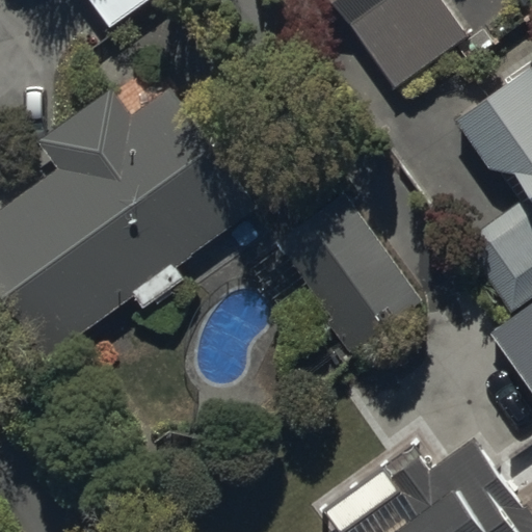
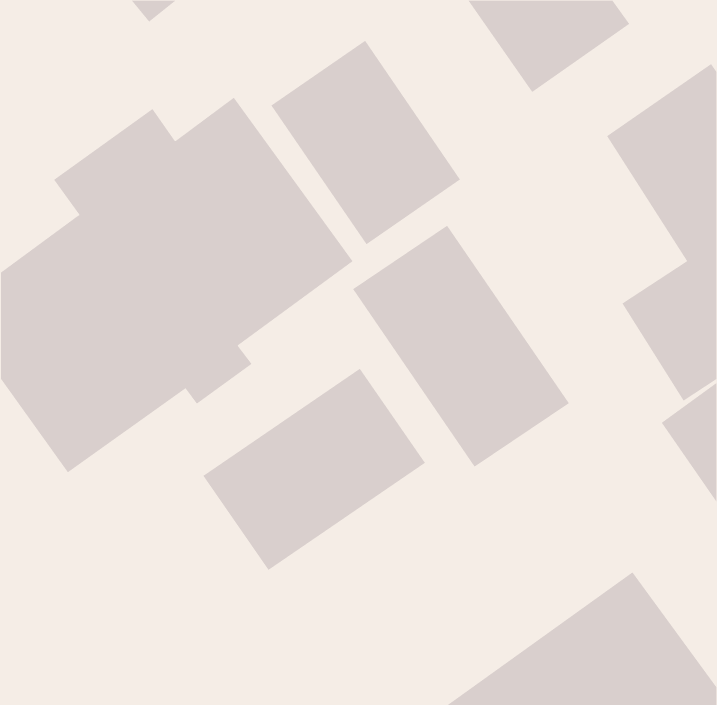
building: none -> [271,40,461,245]
building: none -> [202,368,426,571]

